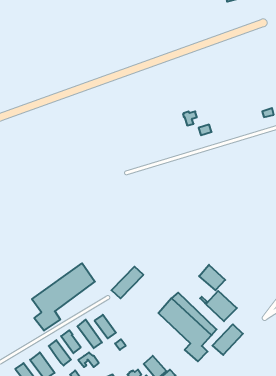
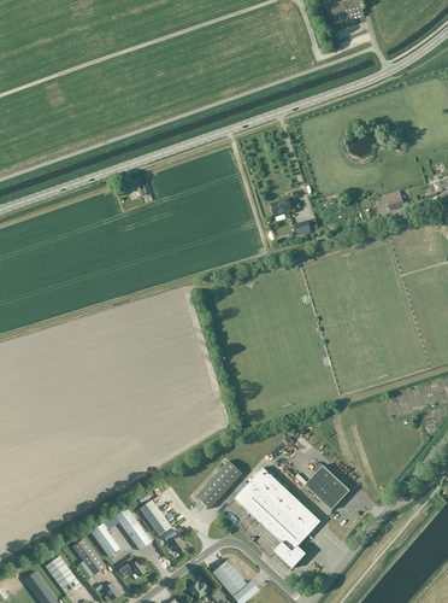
building: [32,263,95,331] -> none
building: [199,265,225,290] -> none
building: [111,267,143,298] -> [195,461,242,508]
building: [212,324,243,355] -> none

